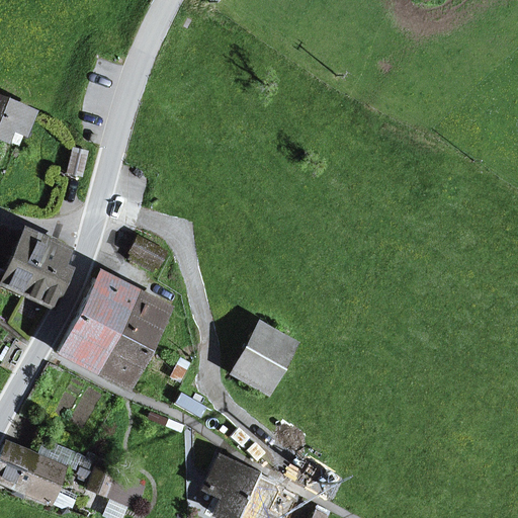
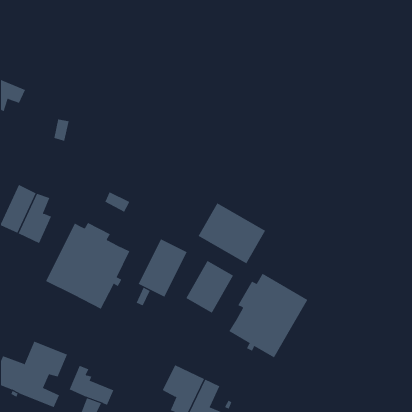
building: none -> [198,203,266,264]
building: none -> [138,239,187,297]
building: none -> [229,273,308,358]

